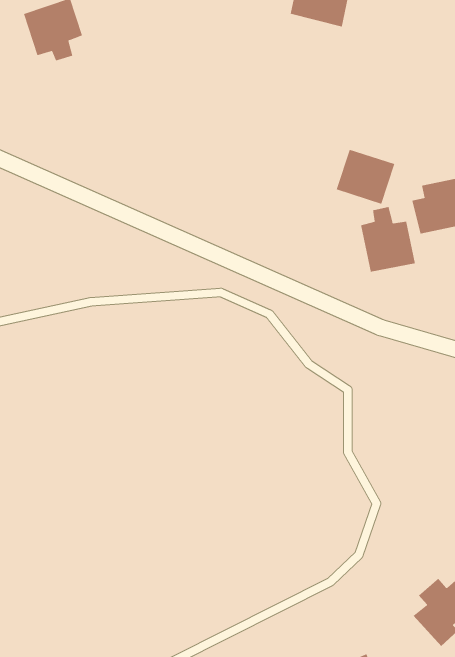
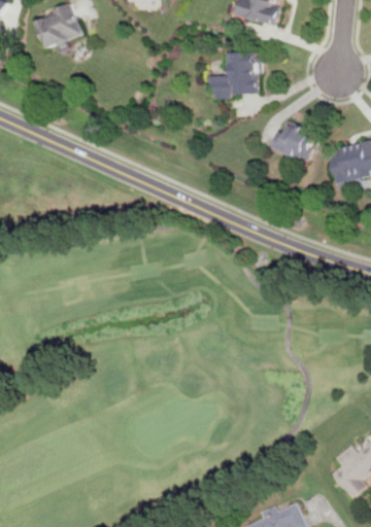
building: none -> [207,50,258,98]
building: [360,206,416,272] -> none

